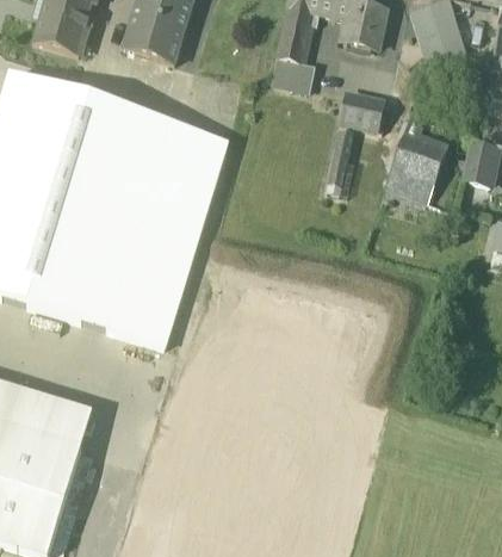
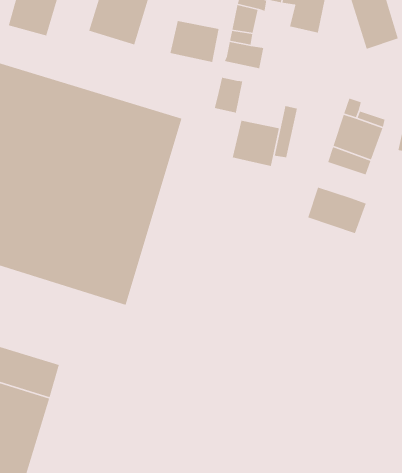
building: none -> [169,20,219,63]
building: [340,92,384,128] -> none
building: none -> [214,77,243,113]
building: none -> [232,120,280,167]
building: none -> [307,186,367,234]

